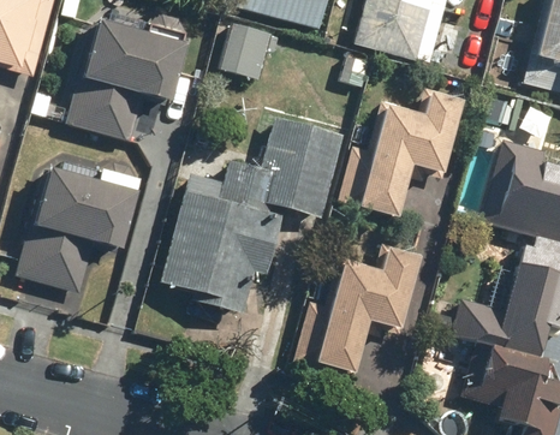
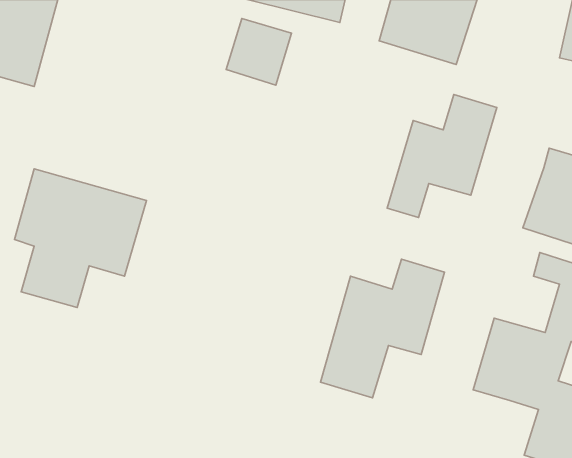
building: [67,13,186,131] -> none
building: [151,115,346,308] -> none

